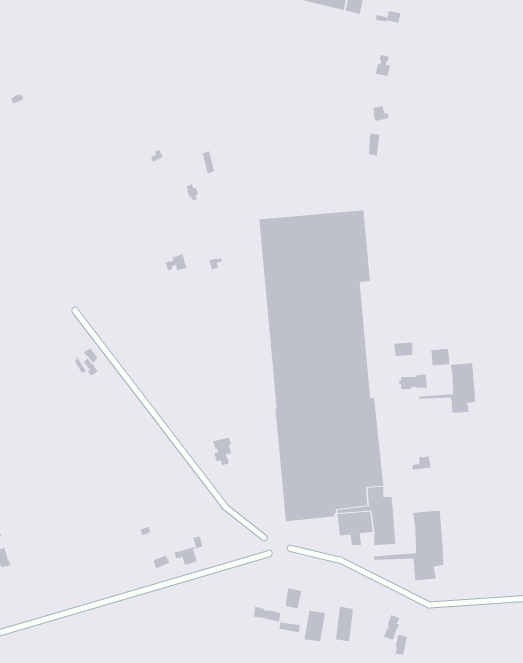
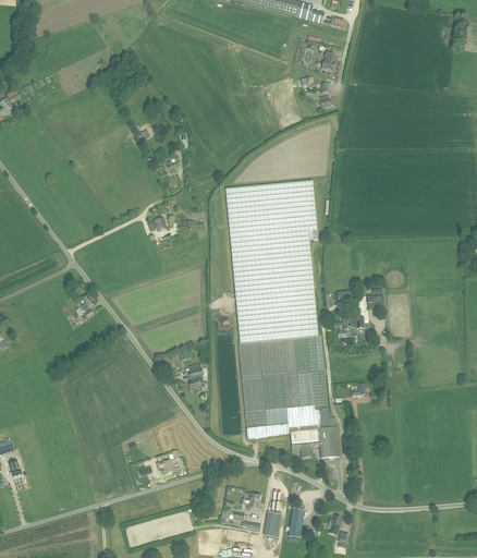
building: [418,362,476,414] -> none
building: [373,510,444,581] -> none

